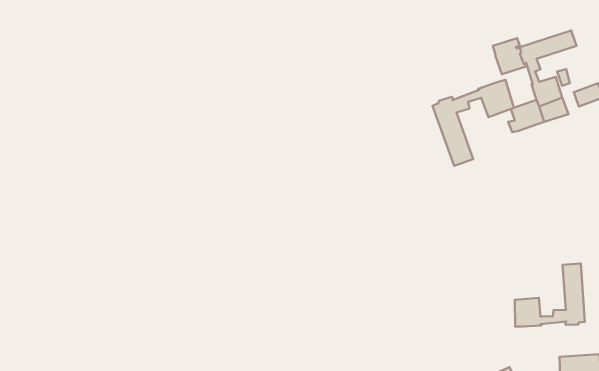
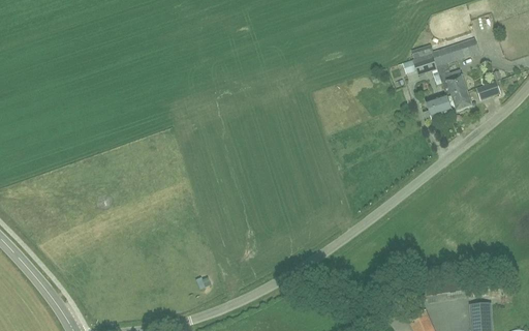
building: [433,80,514,166] -> none
building: [515,264,585,327] -> none

